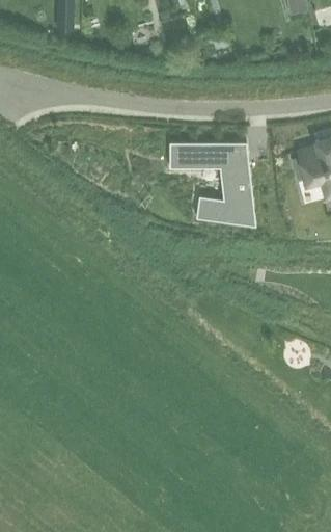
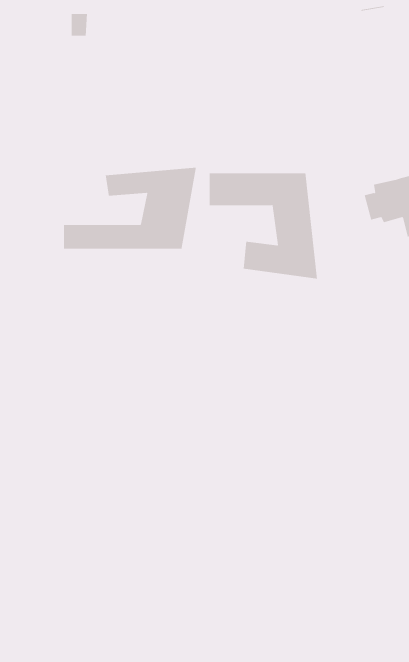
building: none -> [64,167,196,250]

